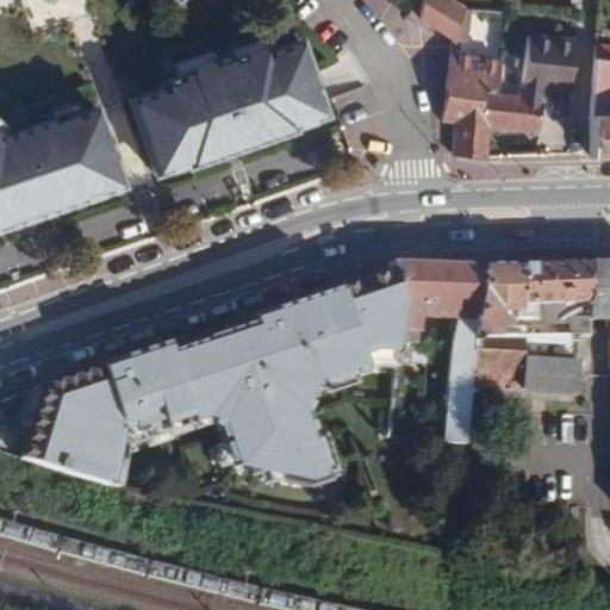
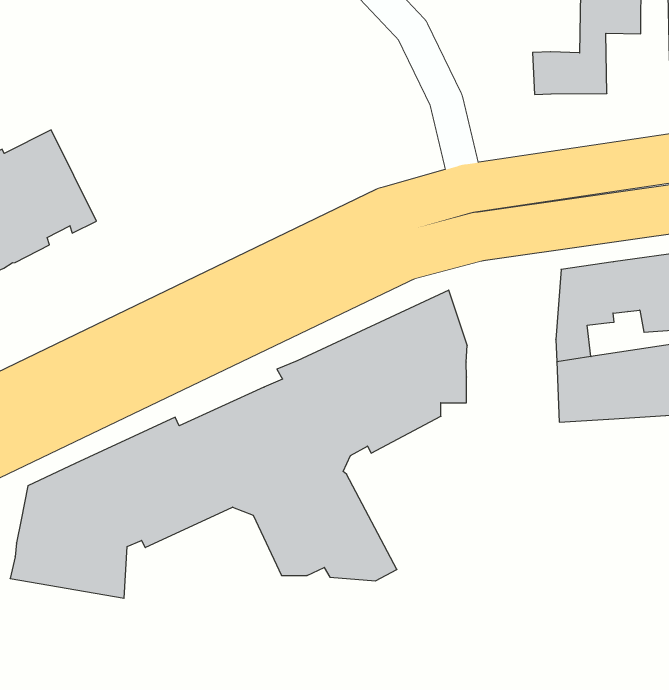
building: [132,36,329,172] -> none
building: [446,51,503,154] -> none
building: [396,261,488,443] -> none

